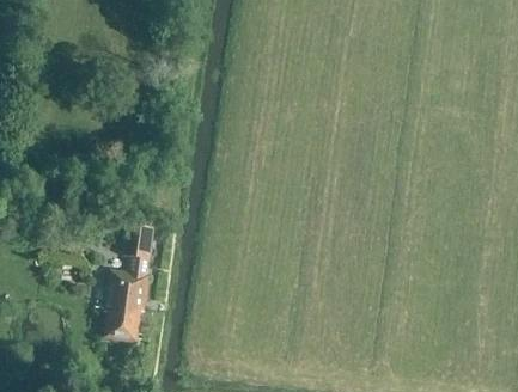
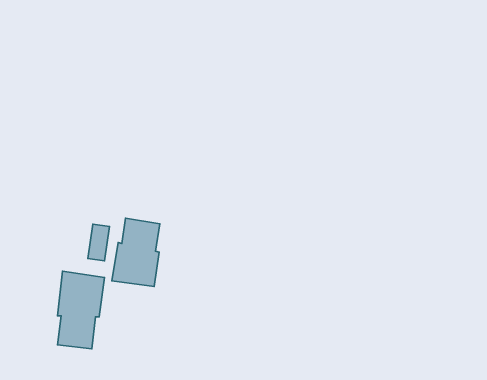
building: none -> [112,218,160,286]

